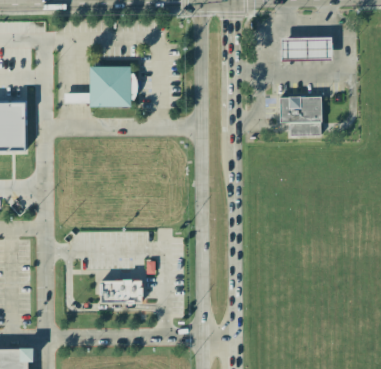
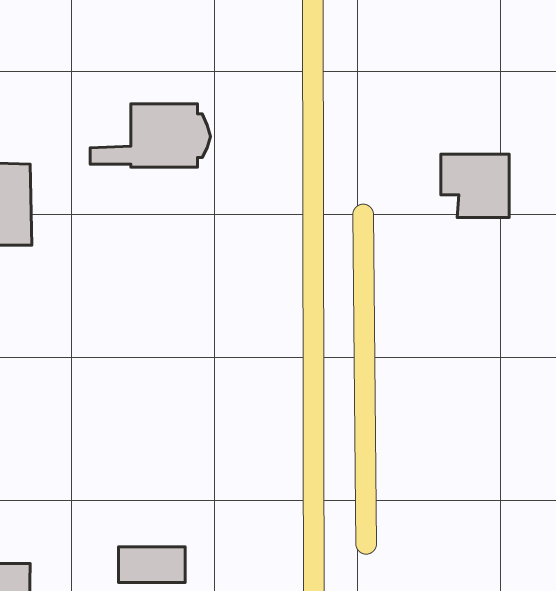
building: [280,37,331,61] -> none
building: [98,279,139,301] -> [119,547,185,582]

